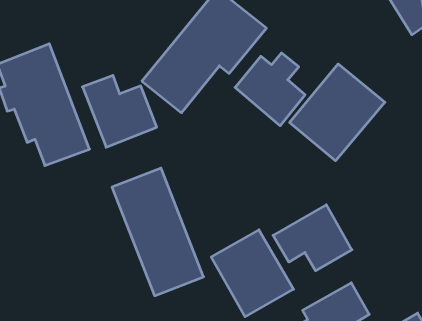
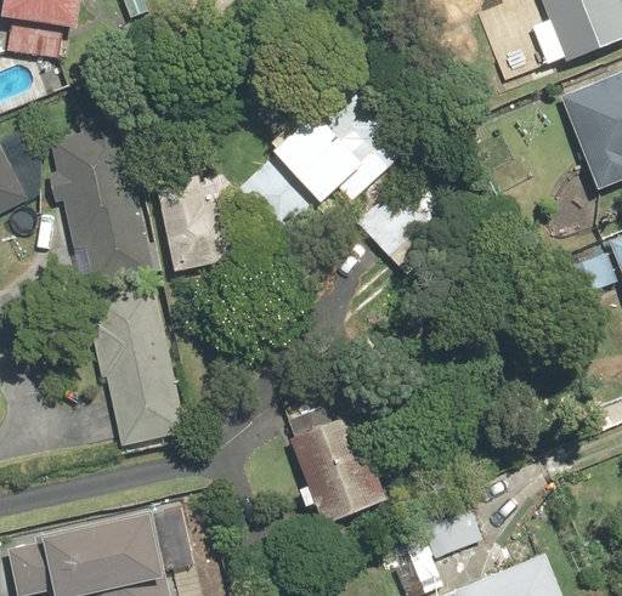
building: [290,64,385,161] -> none
building: [112,168,204,296] -> [87,283,188,448]
building: [273,205,352,271] -> none

